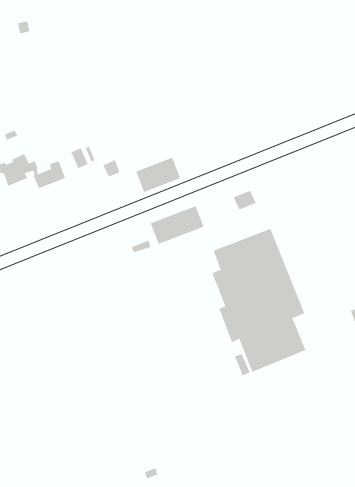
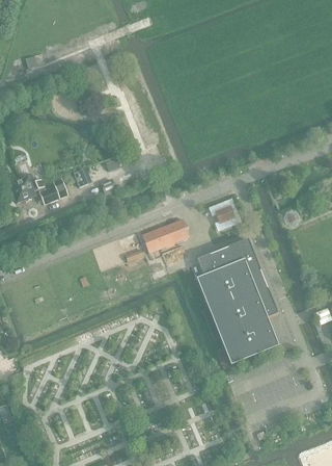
building: [135,157,181,193] -> none

